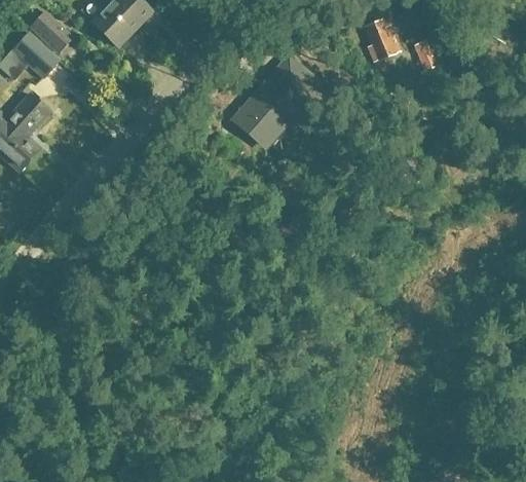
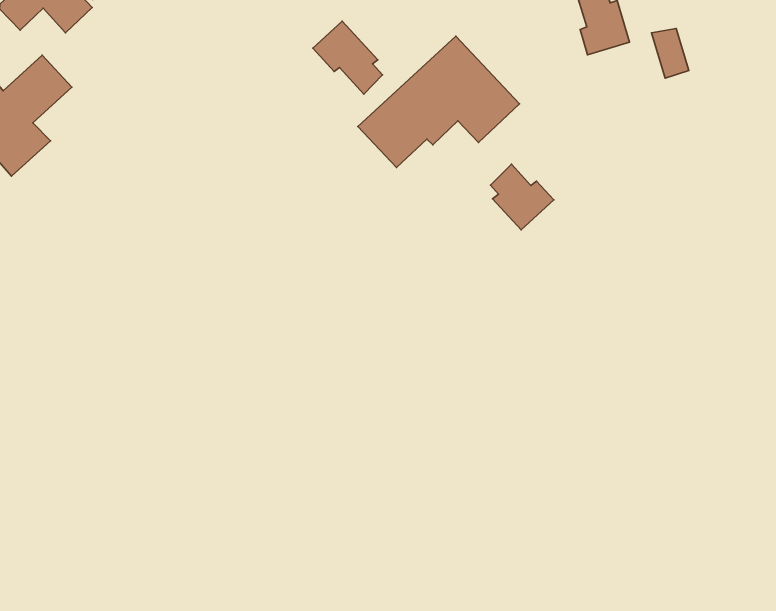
building: none -> [313,21,382,94]
building: none -> [490,164,554,230]

